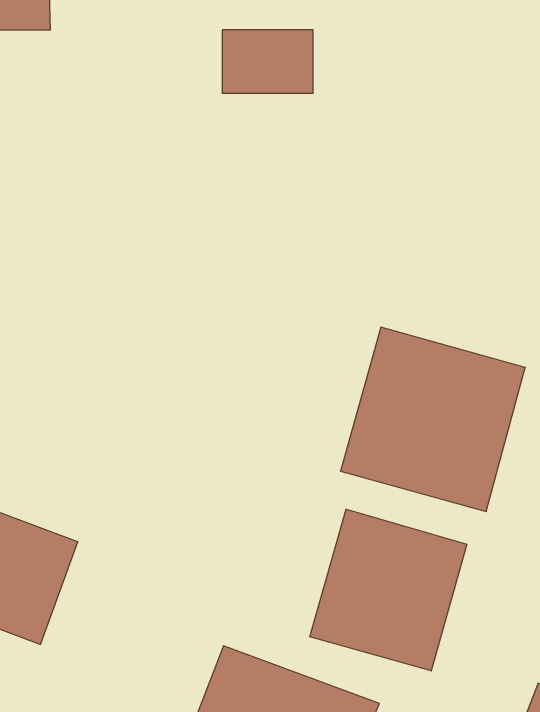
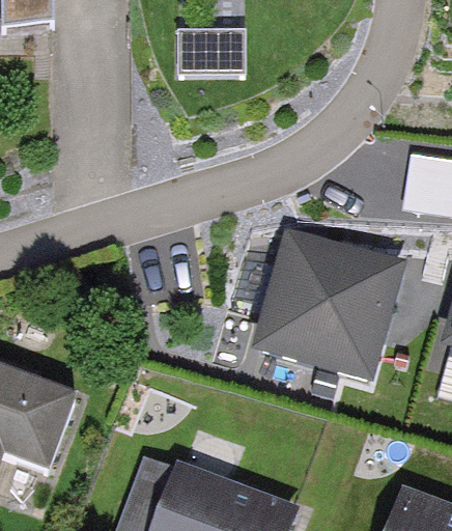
building: [310,509,467,671] -> none

